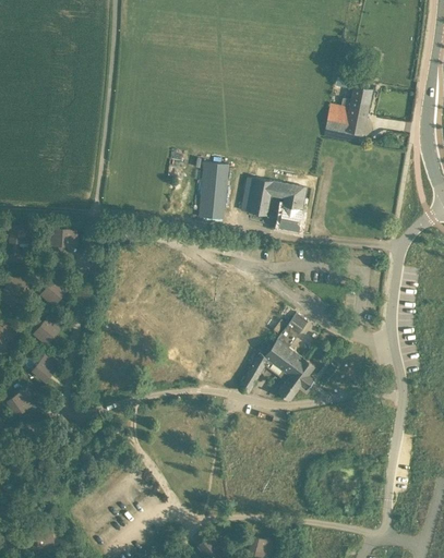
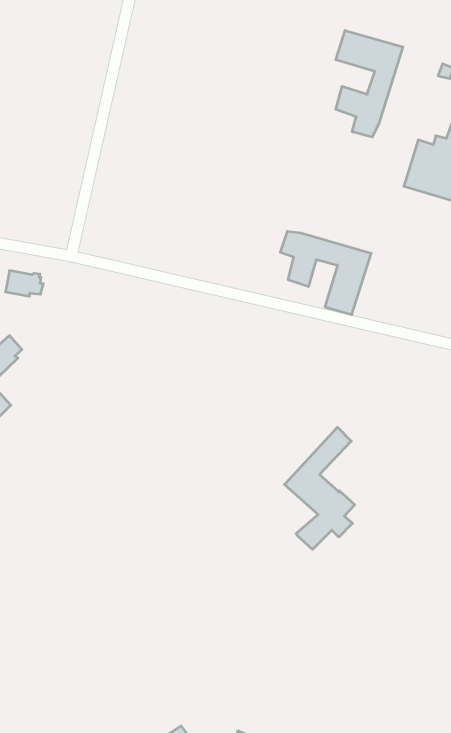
building: none -> [336,30,403,137]
building: [197,163,229,220] -> none

